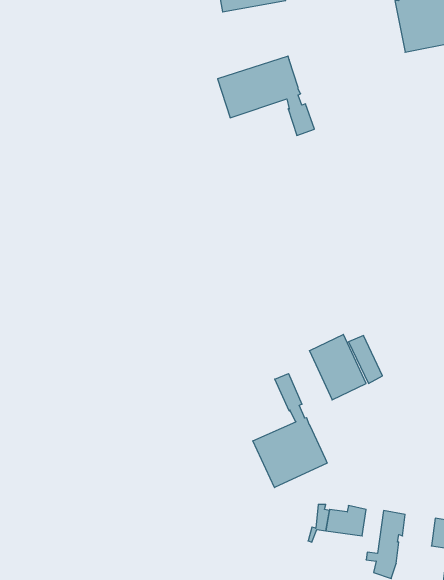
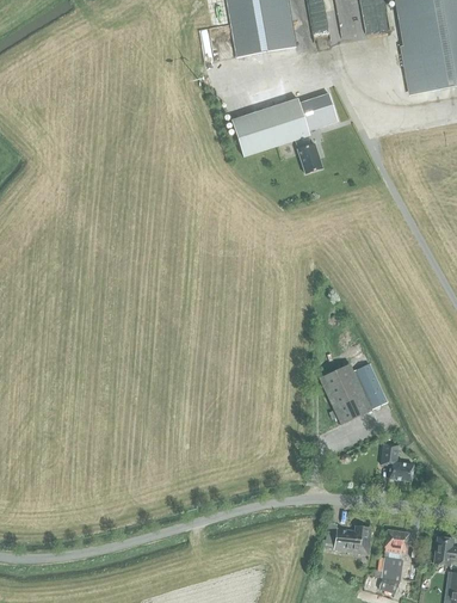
building: none -> [299,92,338,129]
building: [253,374,327,488] -> none
building: none -> [382,443,414,480]

